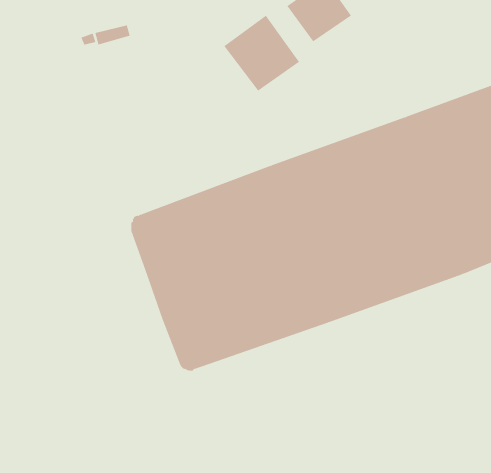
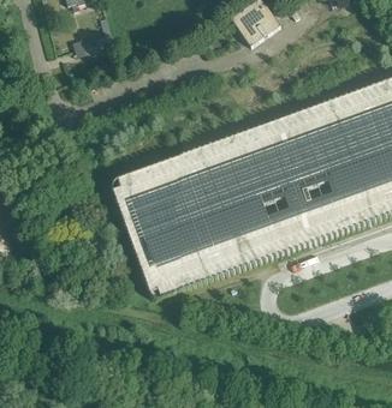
building: [224,15,300,91] -> none

